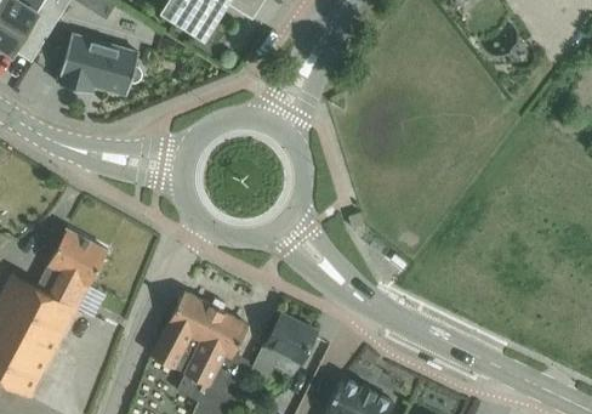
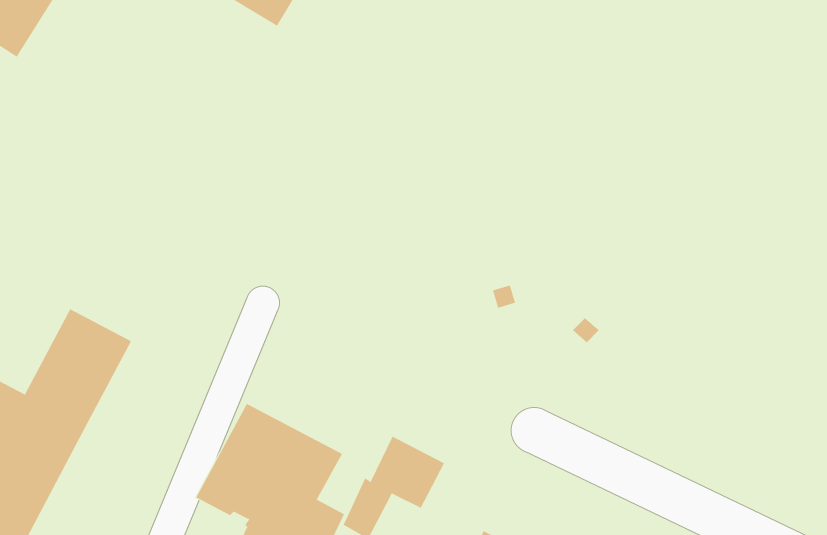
building: [56,35,141,95] -> none

